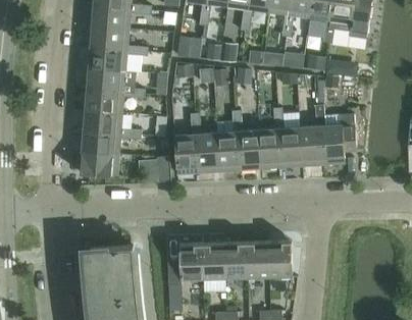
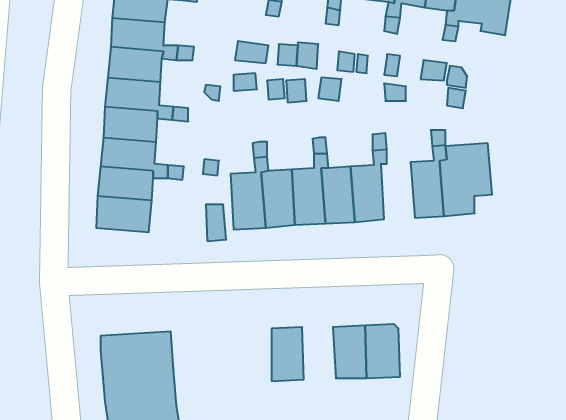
building: [278,127,302,167] -> none
building: [223,243,247,279] -> none
building: [166,244,202,285] -> none

